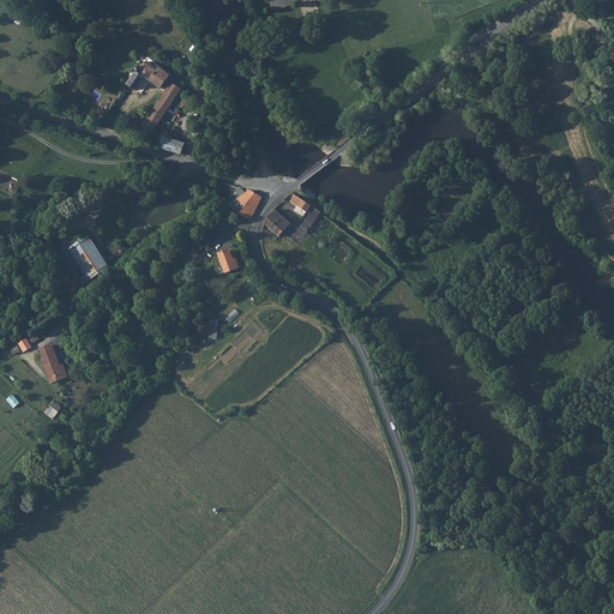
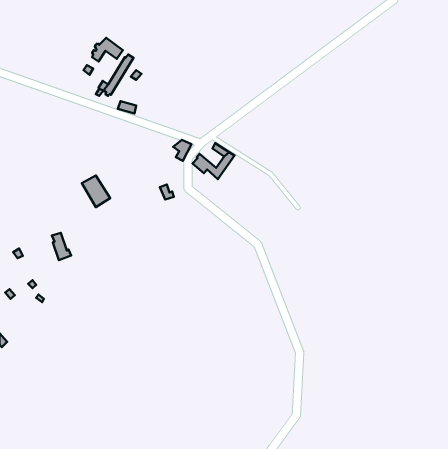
building: [67,236,106,279] -> [82,175,110,207]
building: [41,347,67,384] -> [52,233,71,260]

